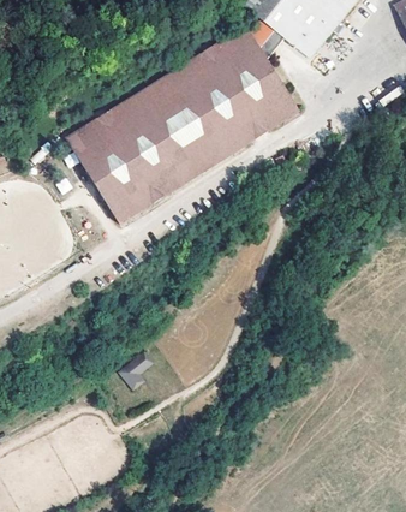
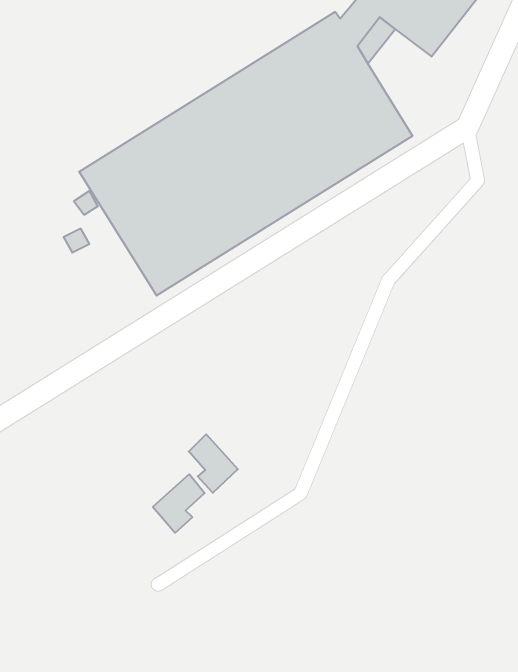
building: none -> [189,434,238,493]

